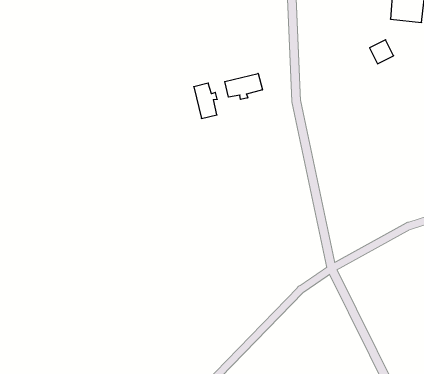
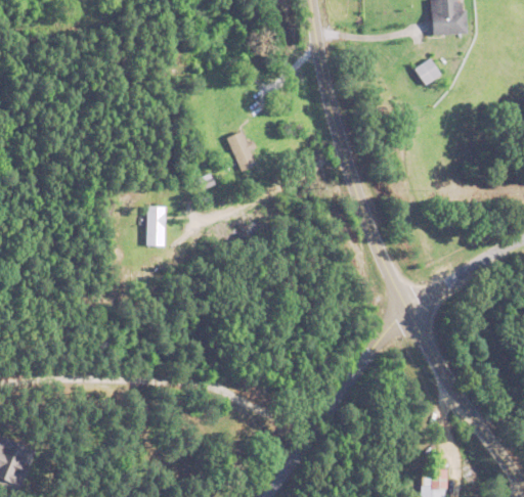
building: [225,73,262,99] -> none
building: none -> [146,206,165,245]

